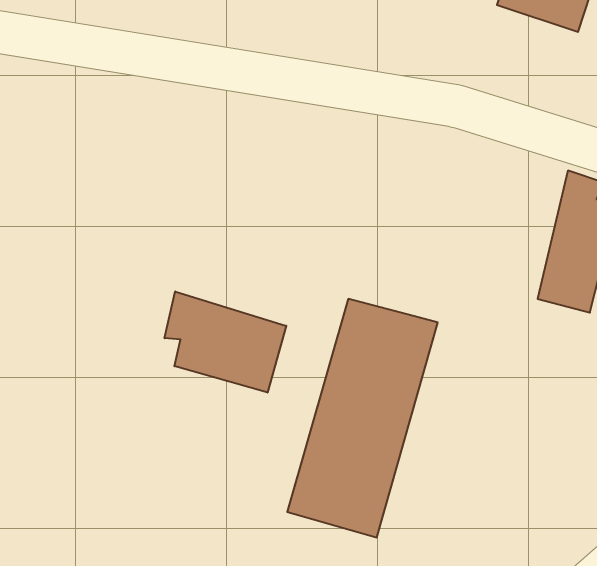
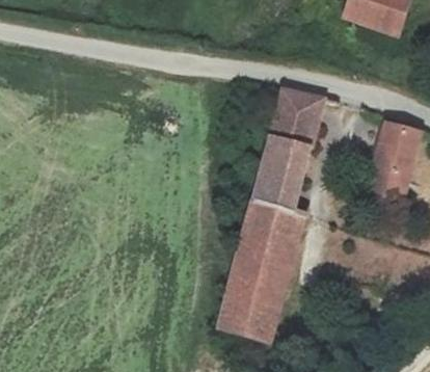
building: none -> [252,84,325,209]
building: [165,291,286,393] -> none

